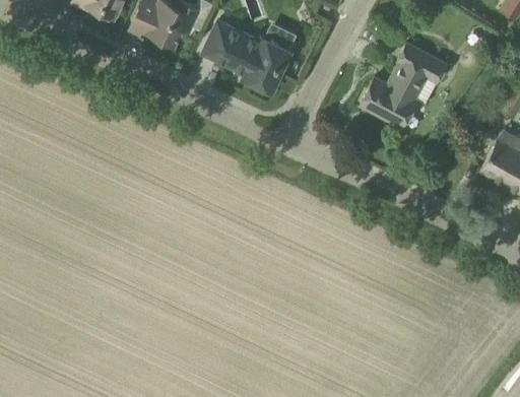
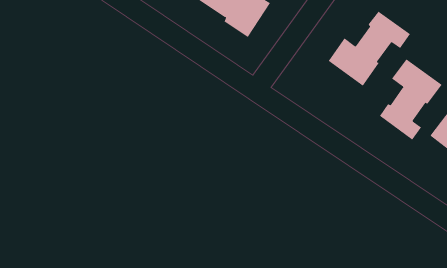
building: none -> [379,58,442,140]

